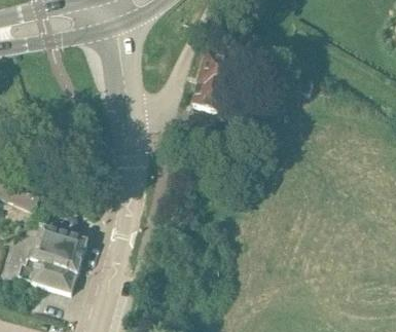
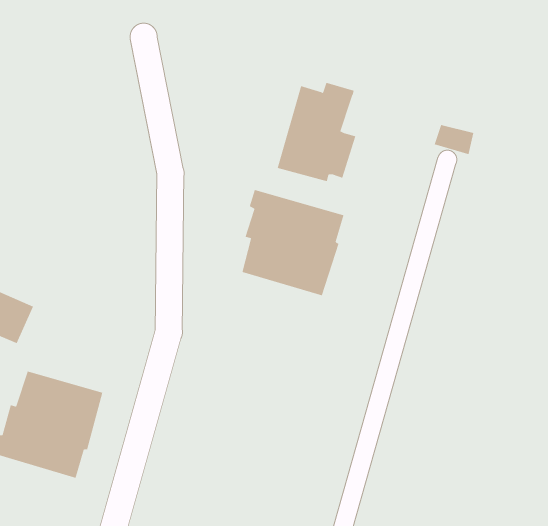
building: none -> [242,189,344,296]

